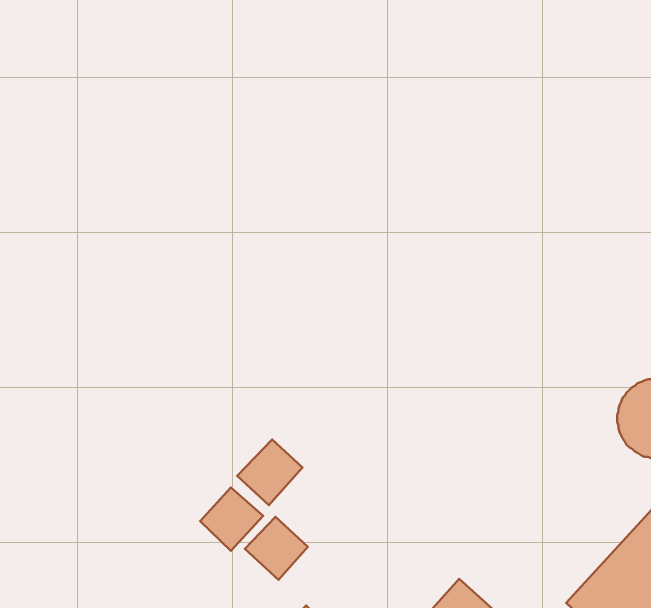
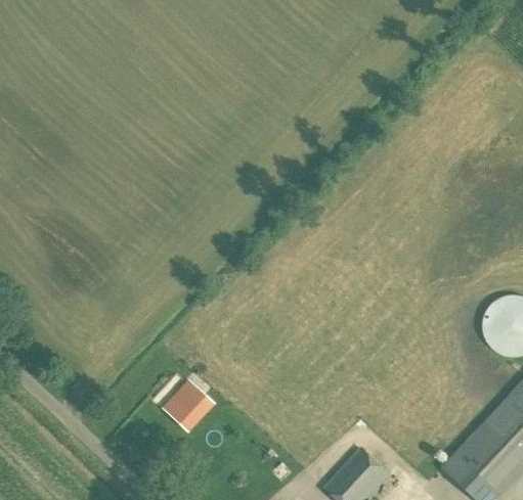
building: [237,440,303,505] -> none
building: [245,517,308,580] -> none

